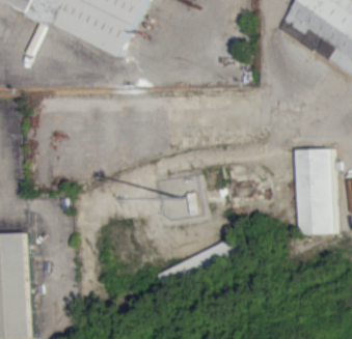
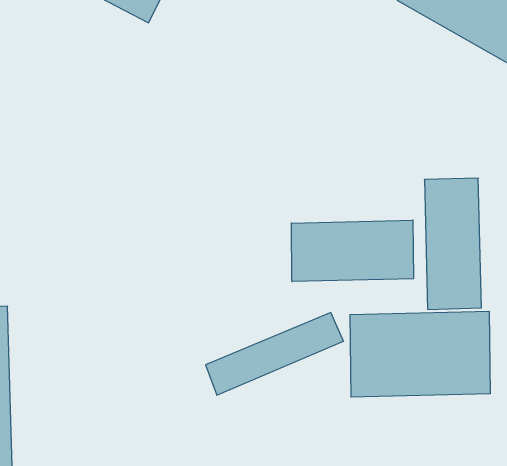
building: none -> [291,220,413,282]
building: none -> [350,311,490,397]

